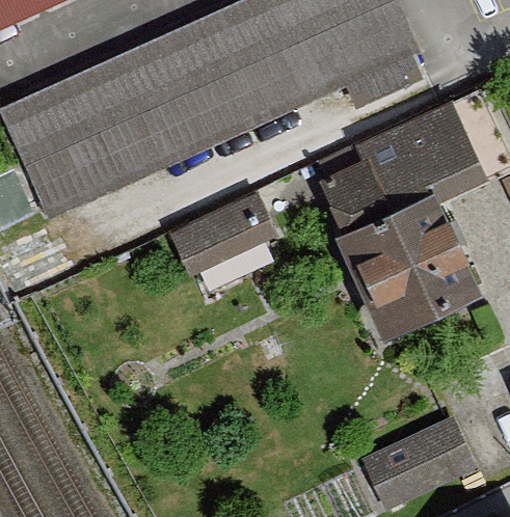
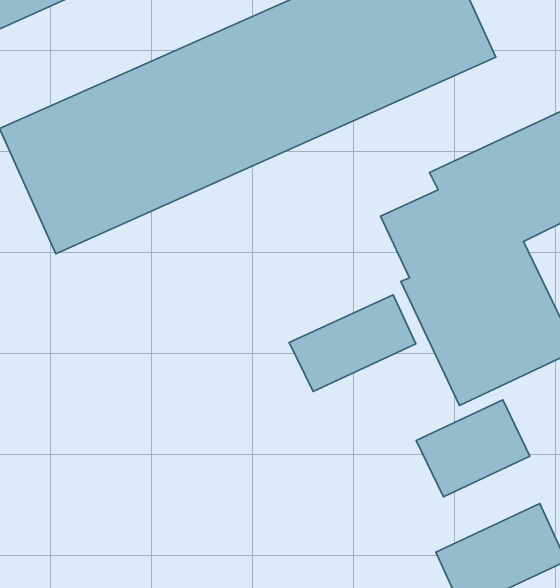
building: [171,191,276,271] -> [289,295,416,391]
building: none -> [416,400,530,497]

